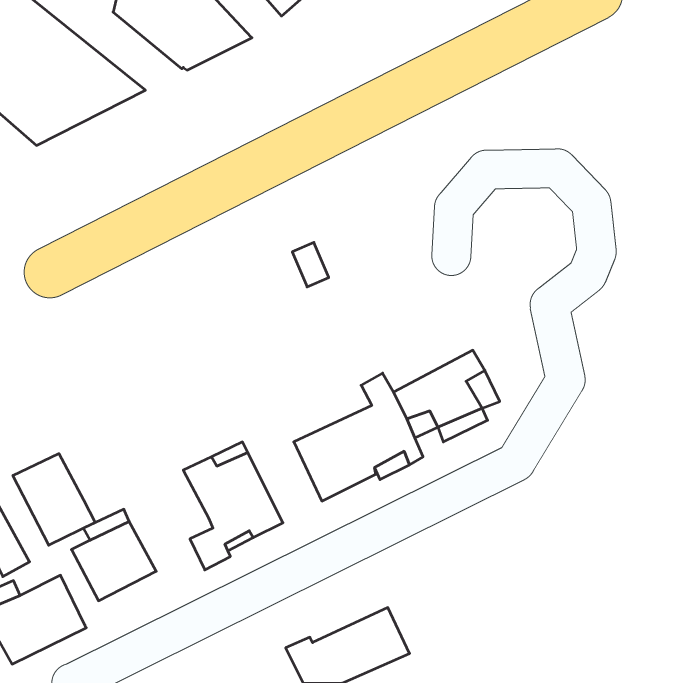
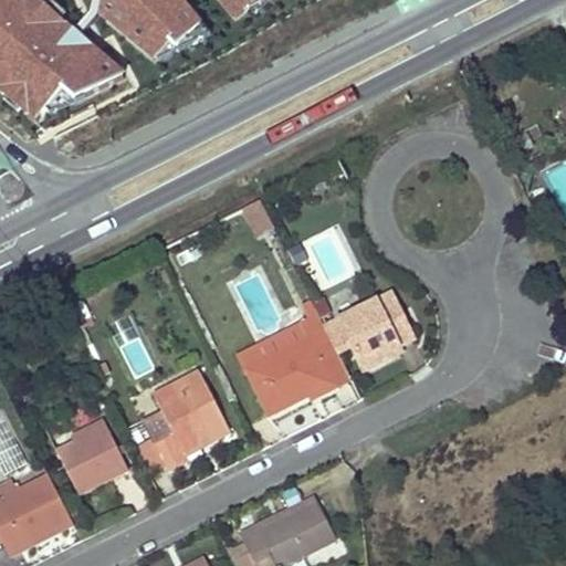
building: [13,454,95,545] -> none

